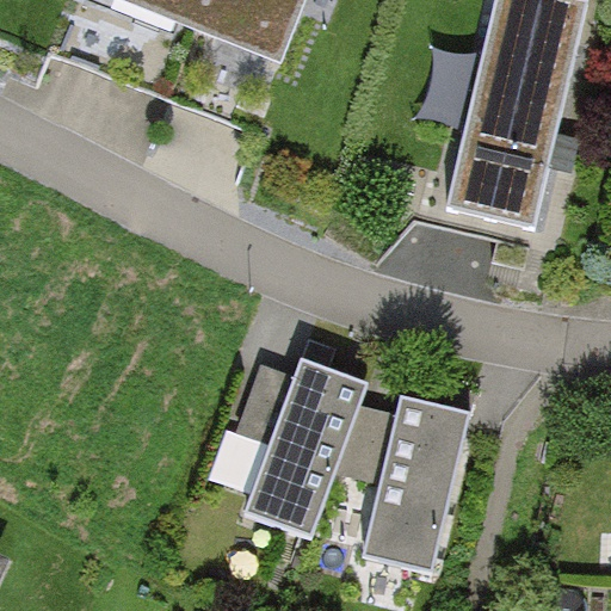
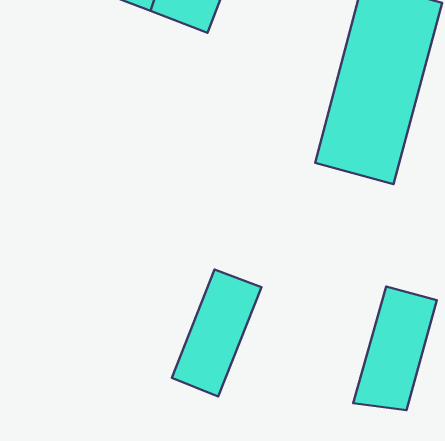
building: [354,395,467,561] -> [353,287,437,410]

